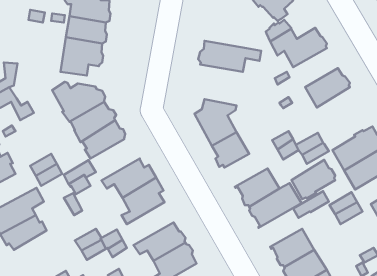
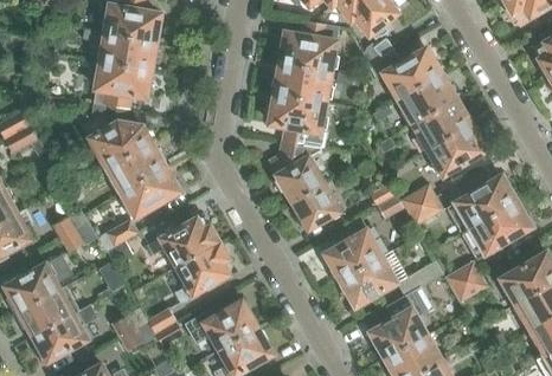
building: none -> [280,21,342,74]
building: none -> [397,74,455,125]
building: none -> [269,96,332,149]
building: [291,160,335,199] -> [428,125,484,176]
building: none -> [33,304,98,364]

